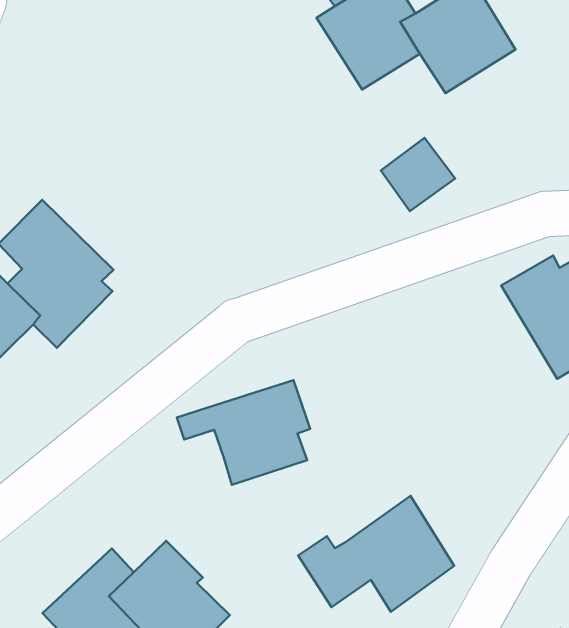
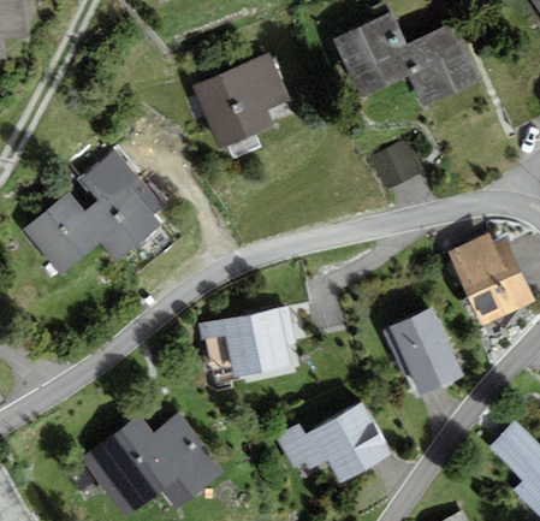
building: none -> [192,53,290,149]
building: none -> [384,309,463,396]

